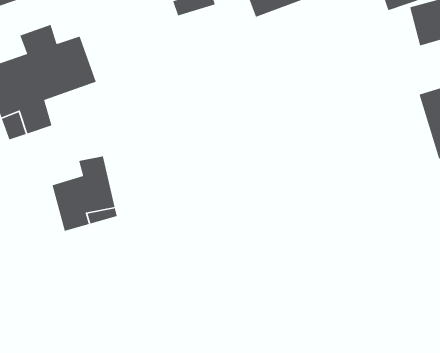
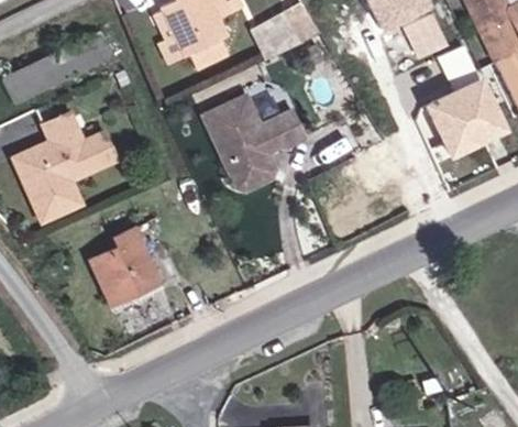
building: none -> [207,92,310,187]

